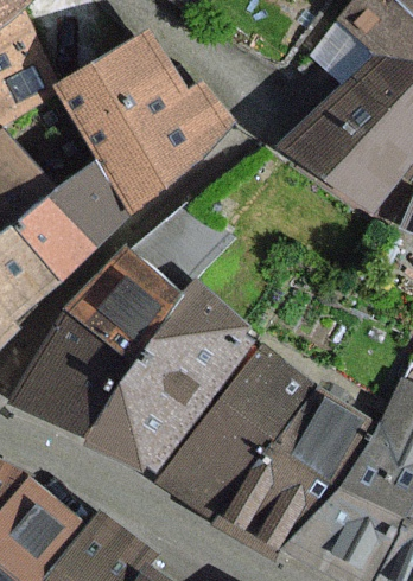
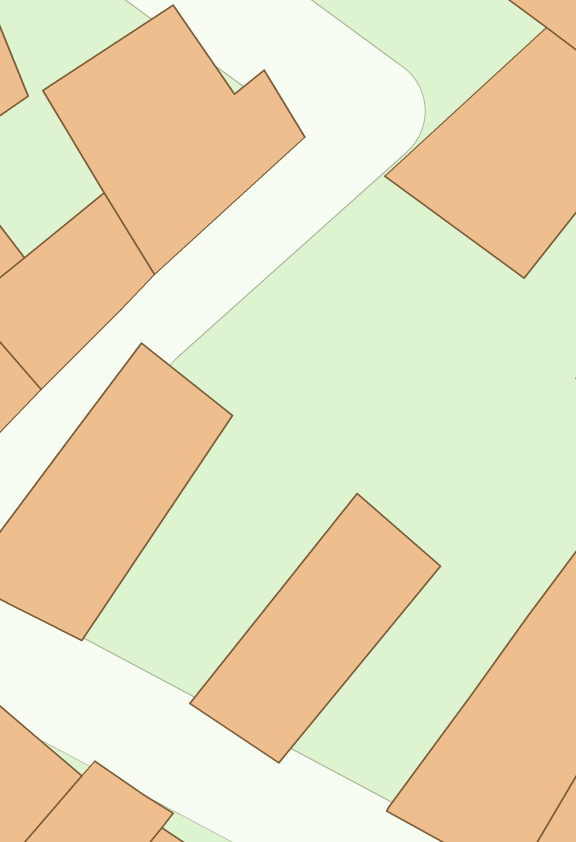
building: [87,281,250,475] -> none
building: [212,392,371,556] -> none

